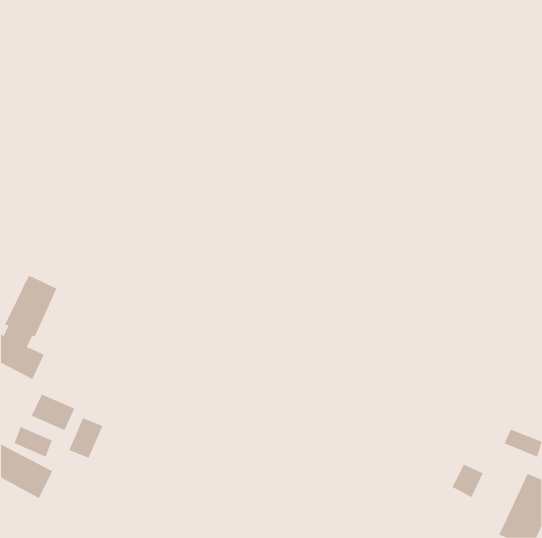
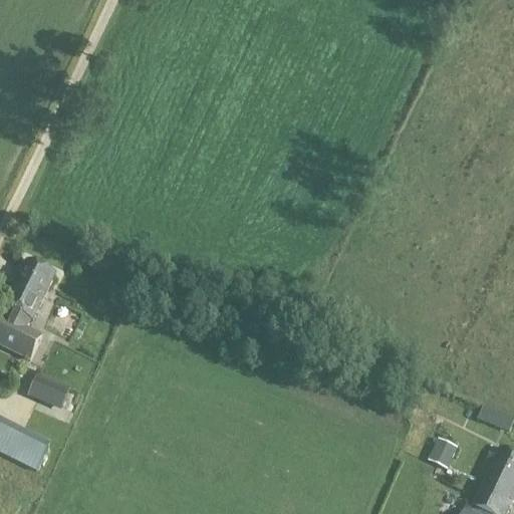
building: [68,417,103,459] -> none
building: [14,426,52,458] -> none

